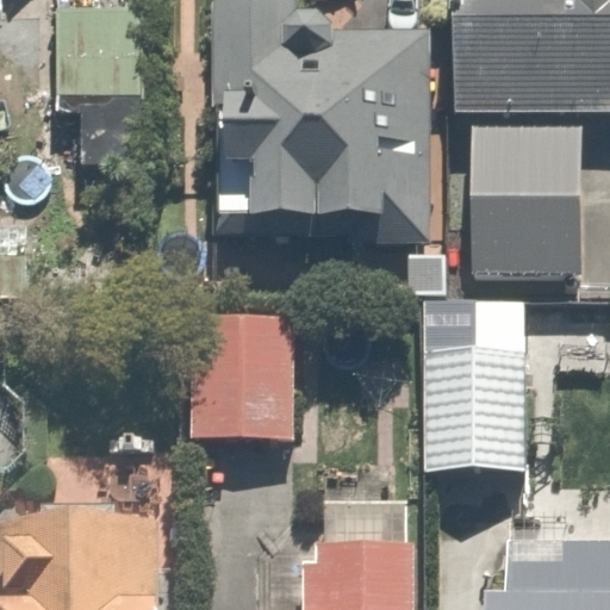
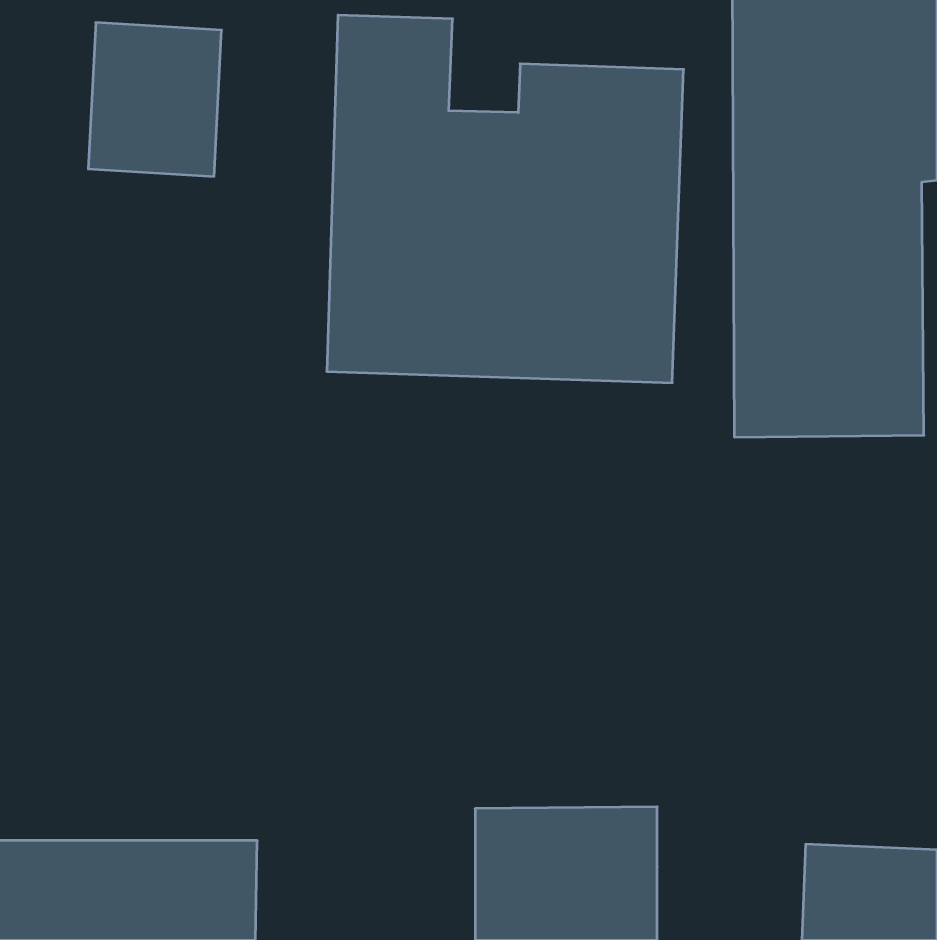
building: [194,309,300,446] -> none
building: [422,346,535,485] -> none

